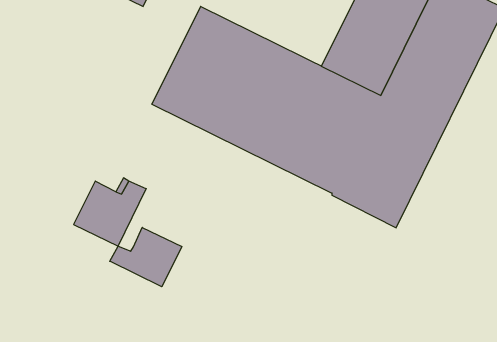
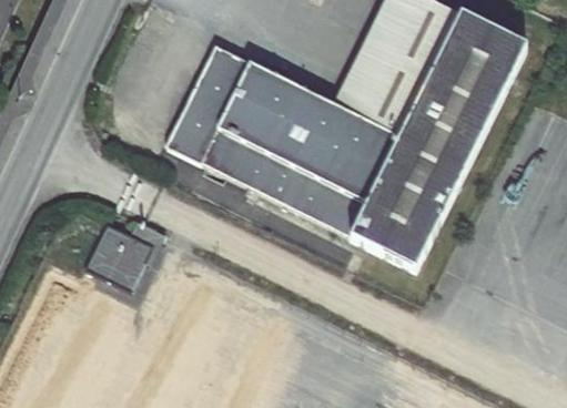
building: [110,227,182,287] -> none

